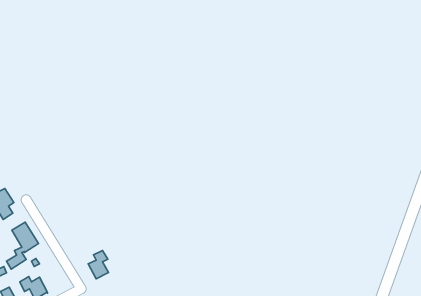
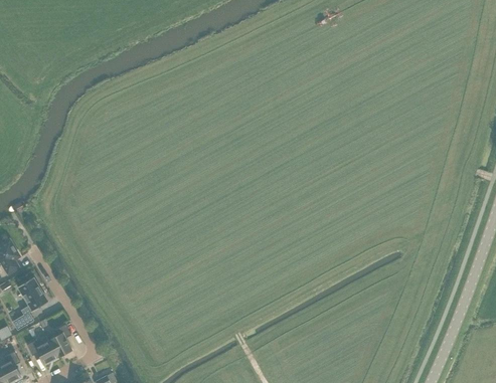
building: [88,250,109,279] -> [48,326,71,358]

